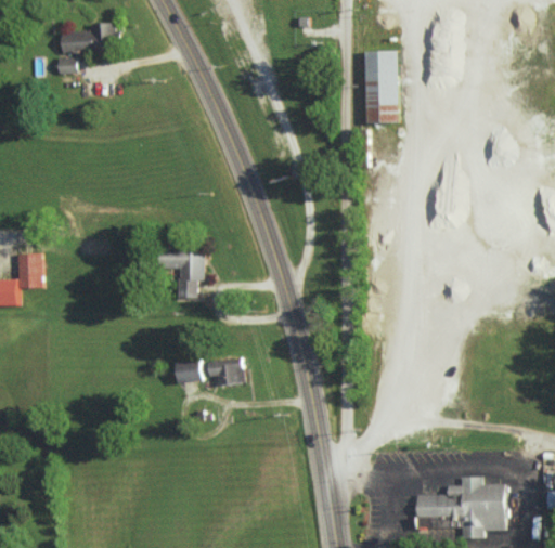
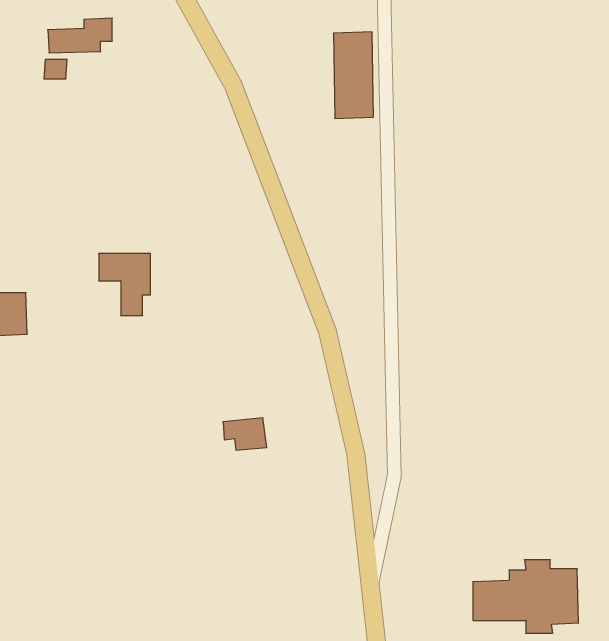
building: [364,51,398,123] -> [333,32,373,118]
building: [159,246,203,298] -> [99,254,150,316]
building: [175,360,201,382] -> none

